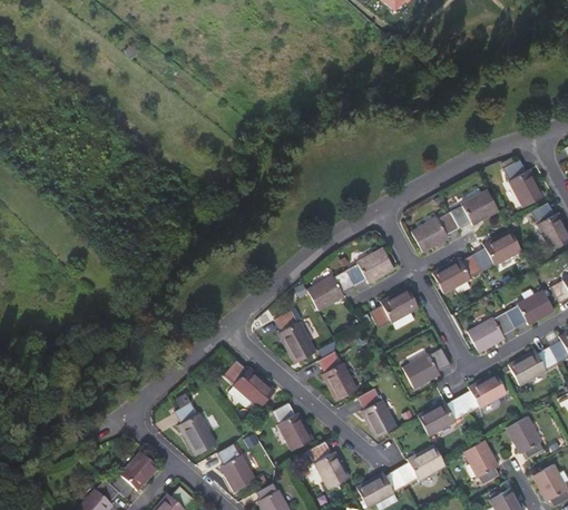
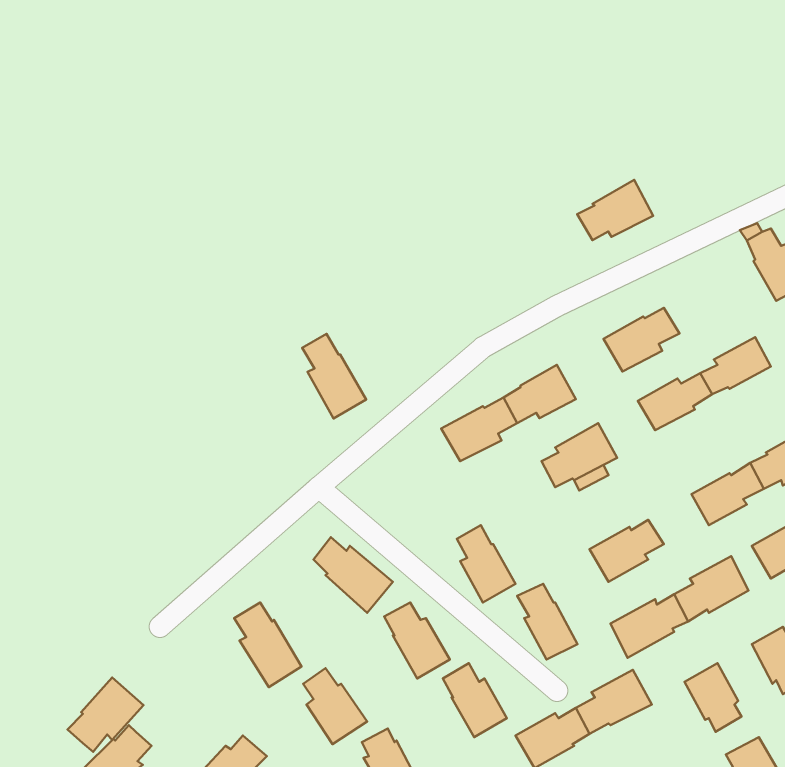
building: [451,188,500,227] -> [577,180,653,240]
building: [274,308,315,363] -> [302,334,366,418]
building: [110,451,159,499] -> [67,678,143,752]

